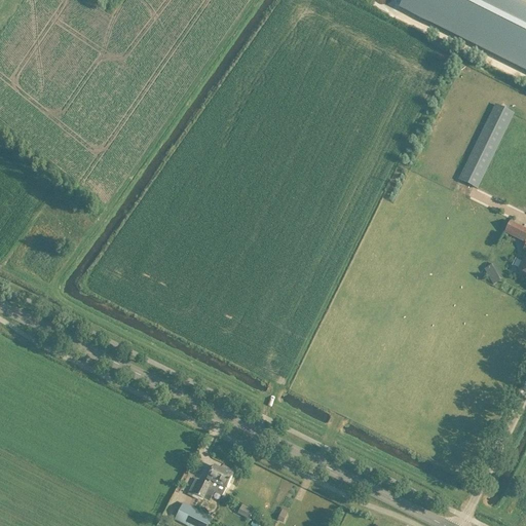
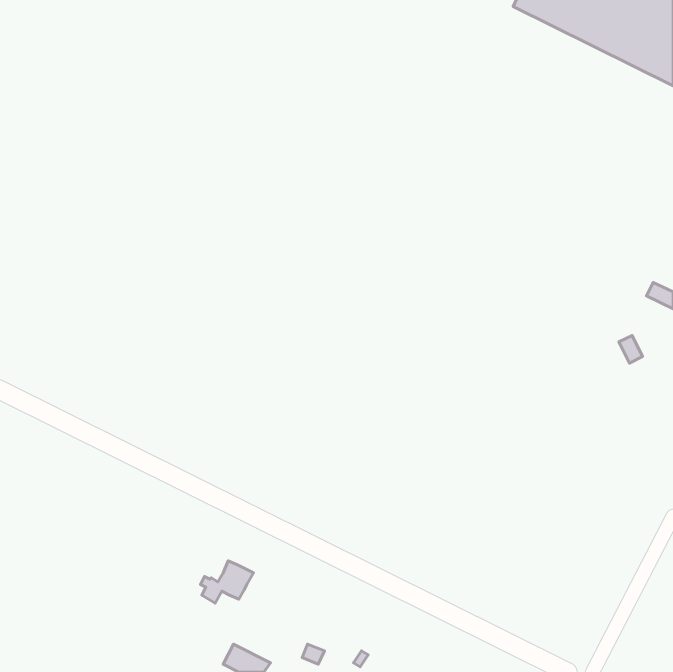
building: [458,103,513,187] -> none
building: [191,464,232,497] -> [201,561,253,603]

